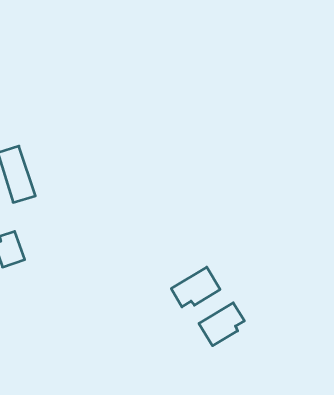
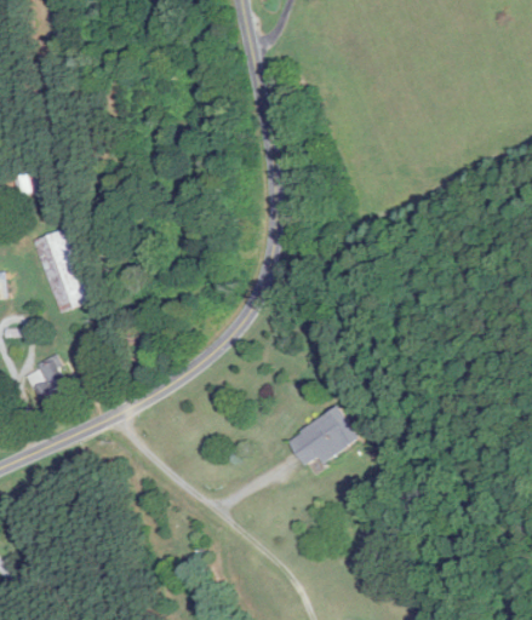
building: [199,303,244,346] -> none

